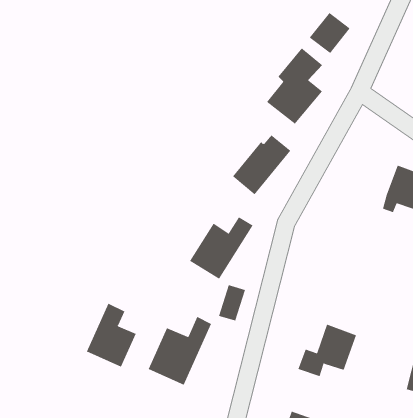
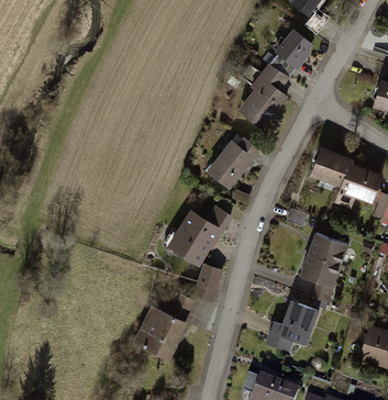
building: none -> [311,151,352,186]
building: none -> [302,234,348,302]
building: [86,303,136,368] -> none

